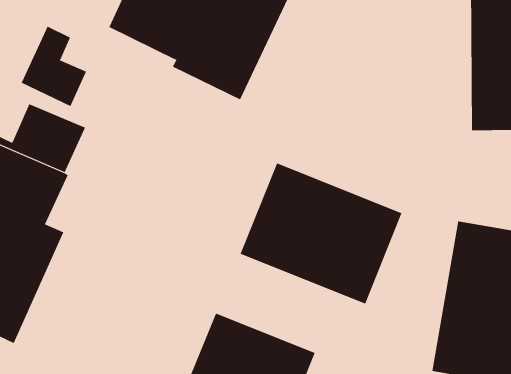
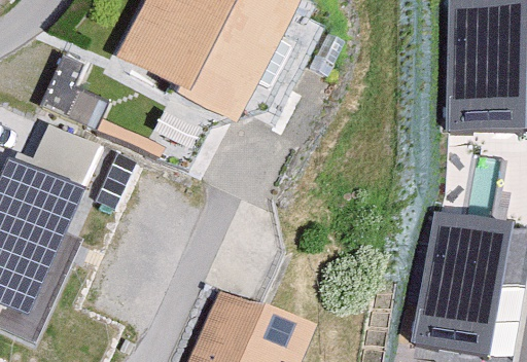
building: [240,162,402,305] -> none

